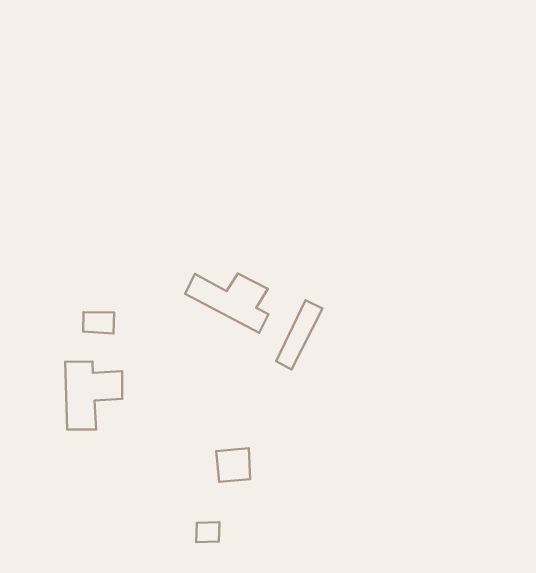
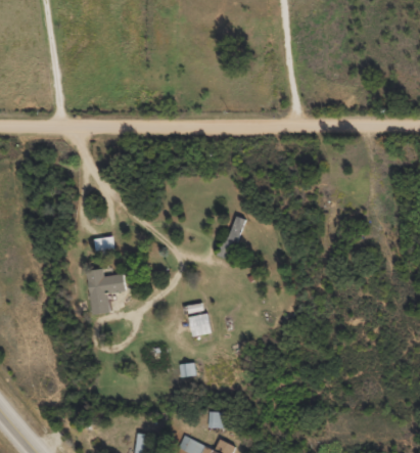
building: [185,273,269,333] -> none

